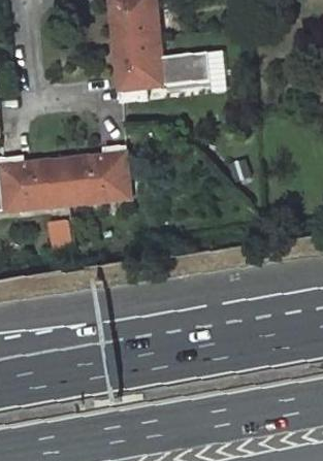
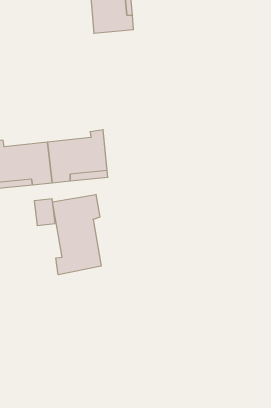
building: [114,36,209,100] -> none
building: none -> [53,194,101,275]

